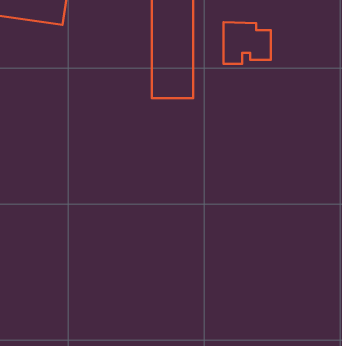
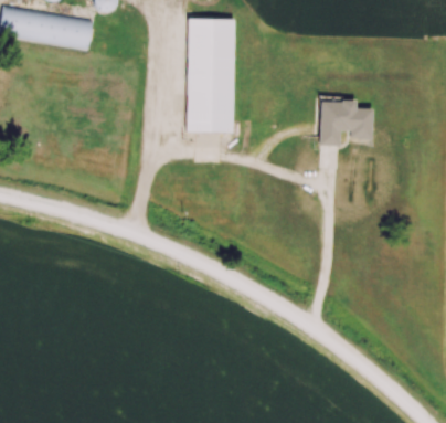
building: [223,22,271,64] -> [320,98,373,145]

